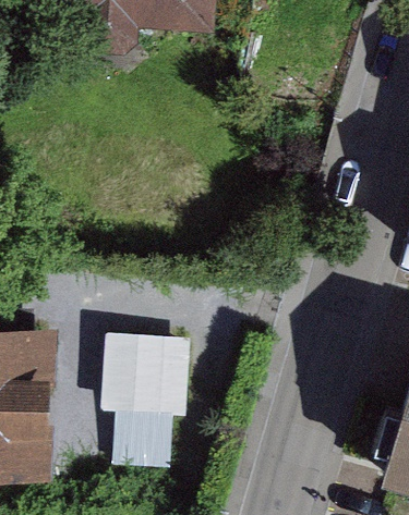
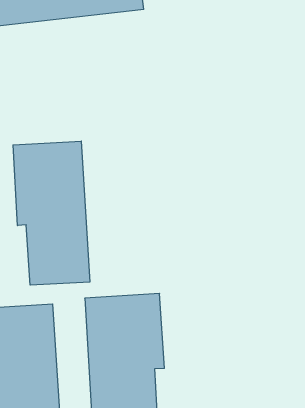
building: none -> [13,141,90,285]

